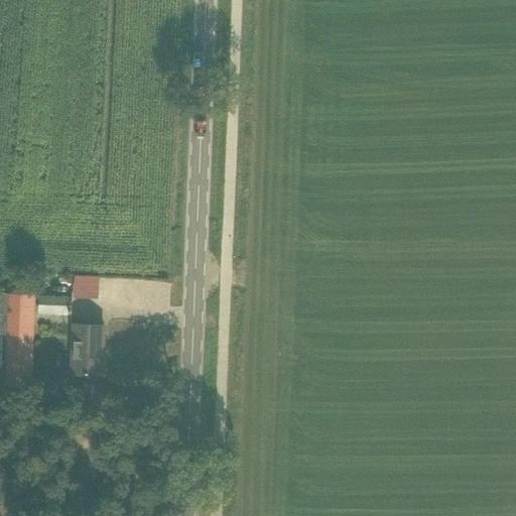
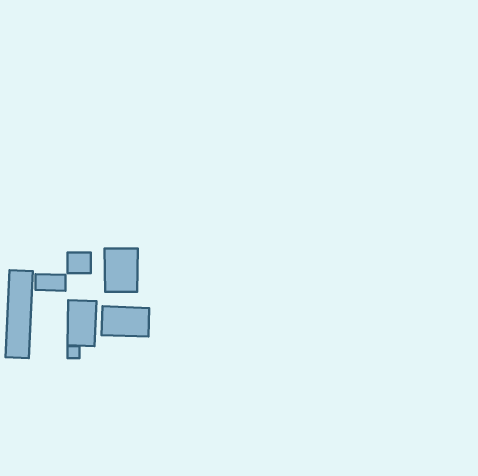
building: none -> [105,249,138,292]
building: none -> [101,306,149,336]

